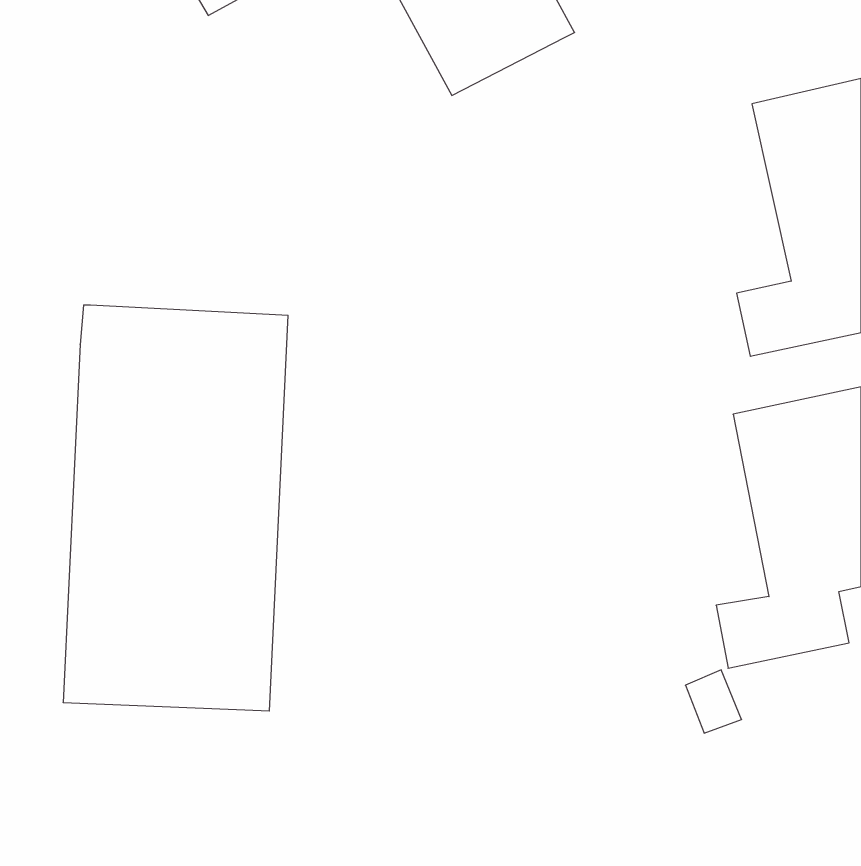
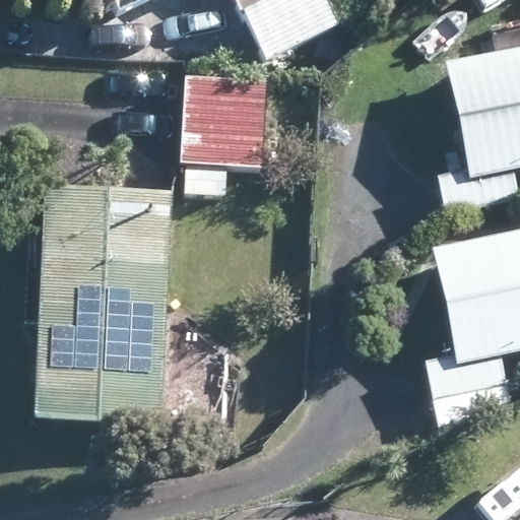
building: none -> [180,75,267,194]

